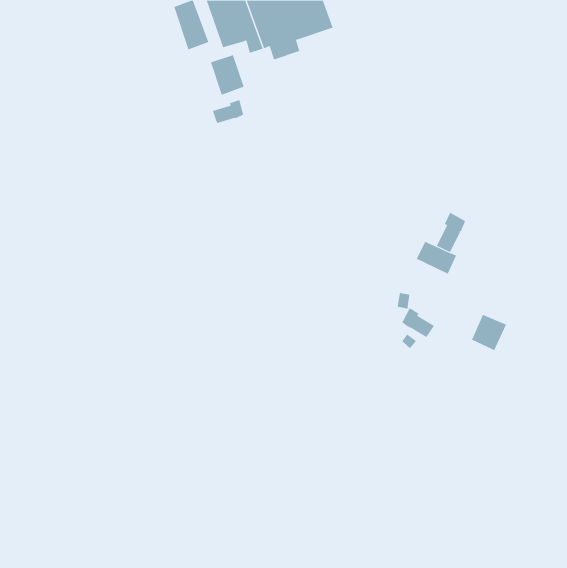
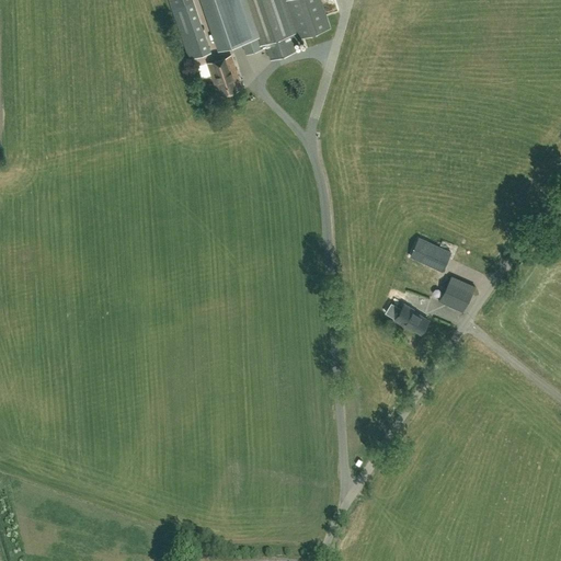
building: [212,100,244,124] -> none
building: [436,212,466,253] -> none
building: [471,314,507,351] -> [438,276,473,312]

